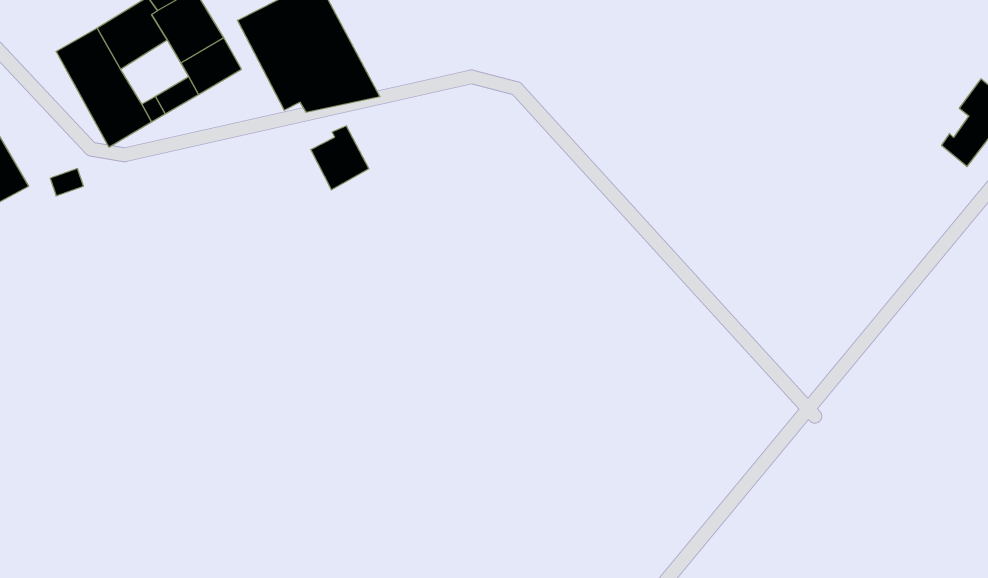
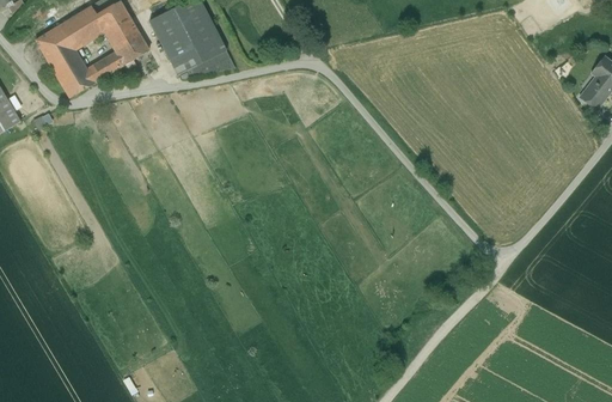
building: [311,126,369,190] -> none

